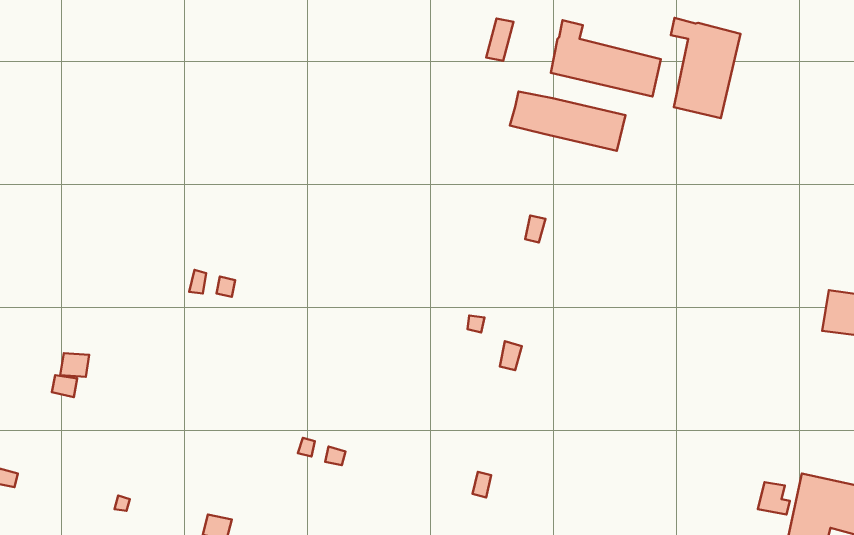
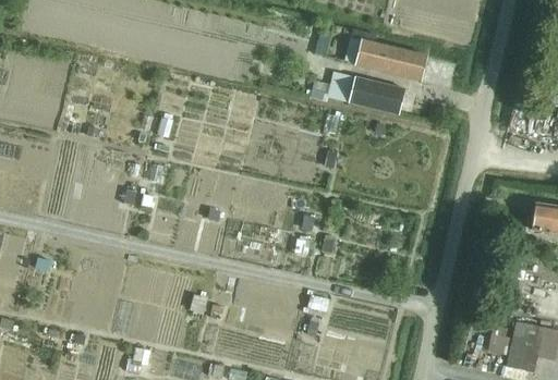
building: [671,18,740,118] -> none

